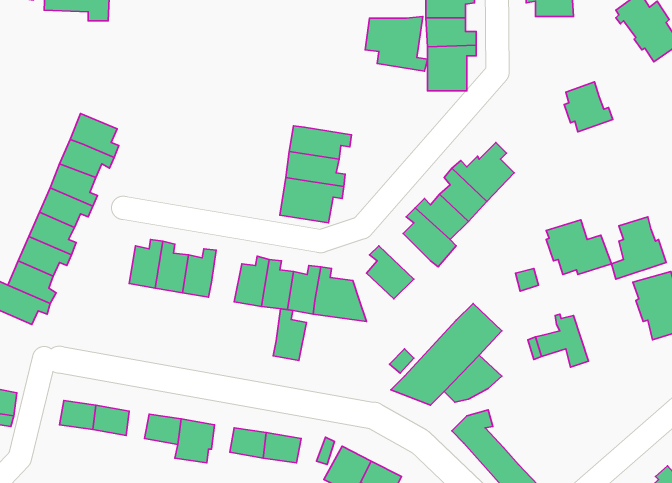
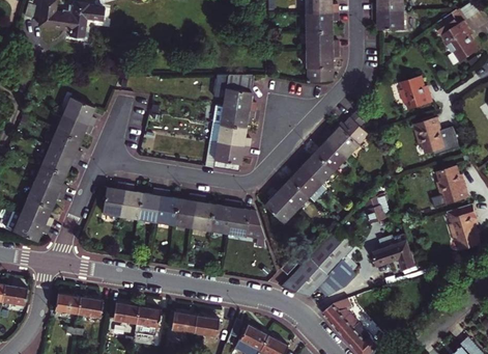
building: [365,16,427,71] -> [213,74,256,111]
building: [546,220,611,275] -> [414,118,459,156]
building: none -> [272,179,308,210]
building: [273,309,306,361] -> [156,190,179,225]

